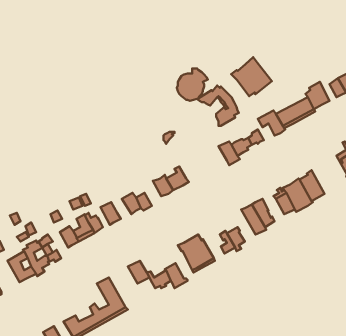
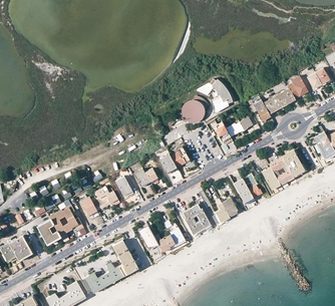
building: [231,57,272,96] -> none
building: [177,69,208,101] -> [181,97,207,124]

